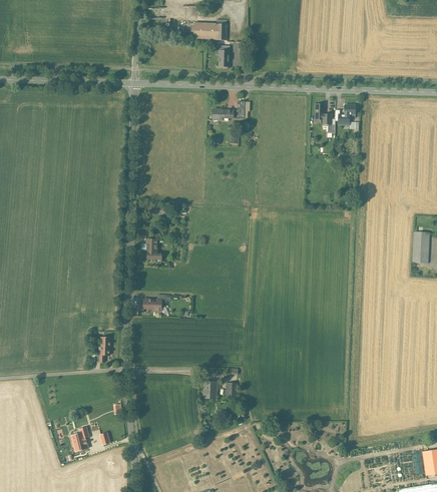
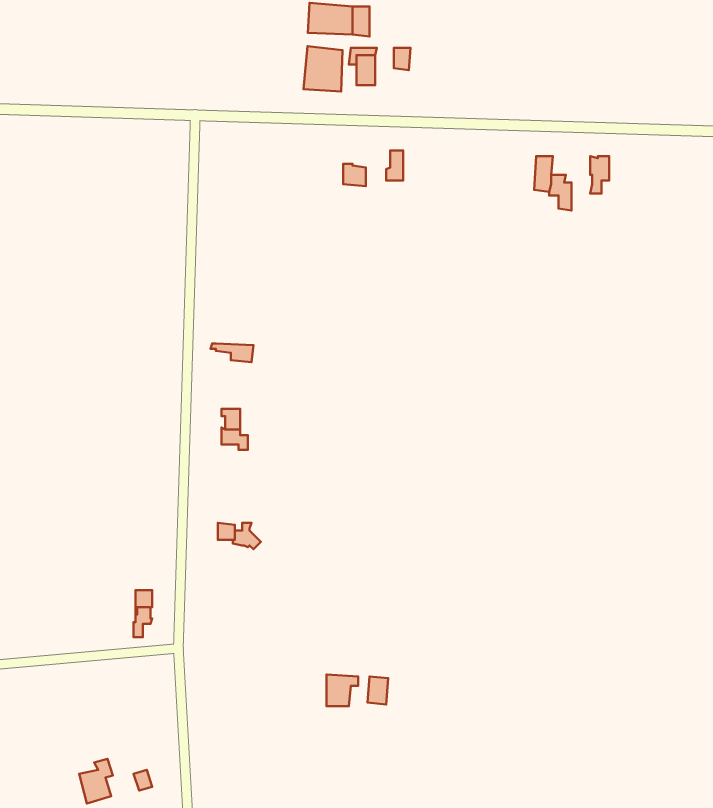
building: none -> [304,46,342,91]

